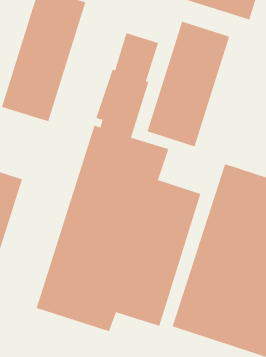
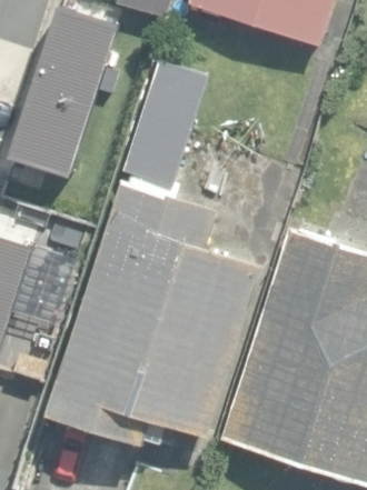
building: [147,21,230,147] -> none

